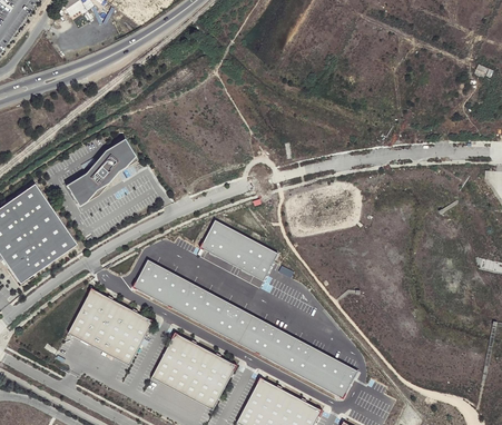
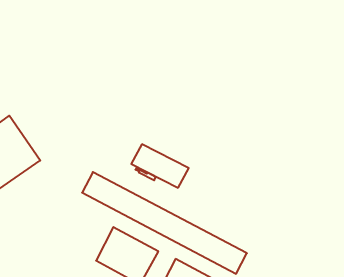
building: [66,138,136,202] -> none
building: [69,290,152,367] -> none

